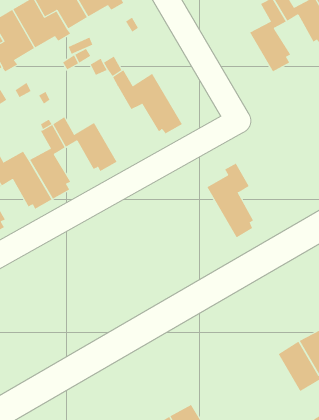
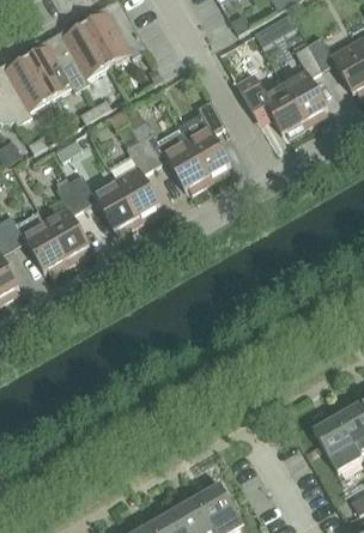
building: none -> [237,73,308,135]
building: none -> [109,140,159,222]
building: [206,163,254,238] -> [178,99,230,181]

